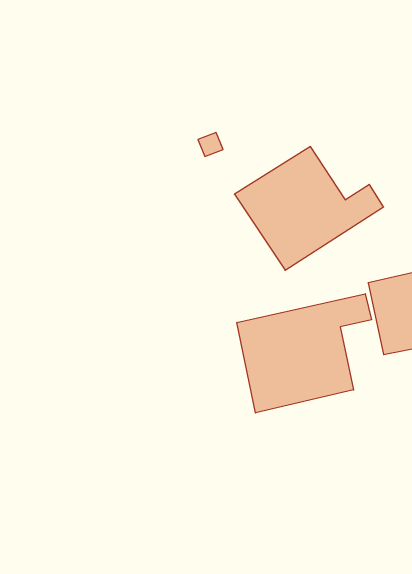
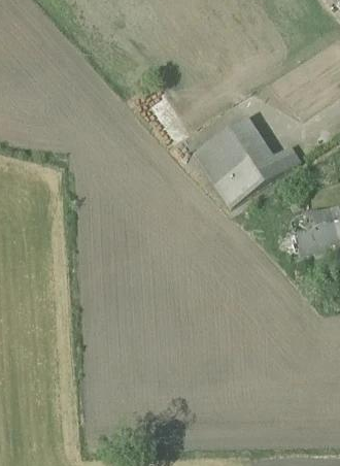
building: [237,294,371,413] -> none

